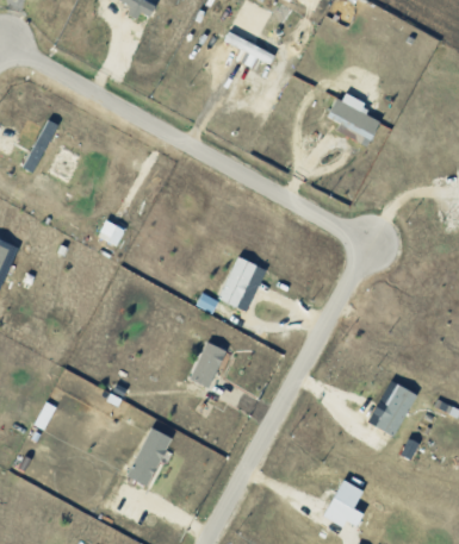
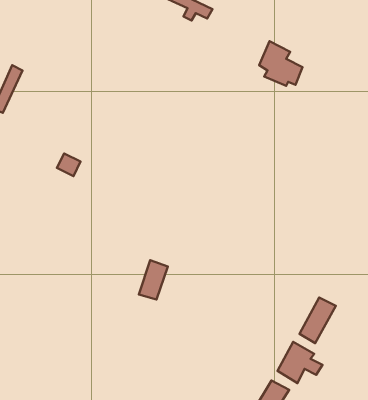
building: [218,256,258,307] -> none
building: [128,427,172,487] -> none
building: none -> [277,342,322,383]

